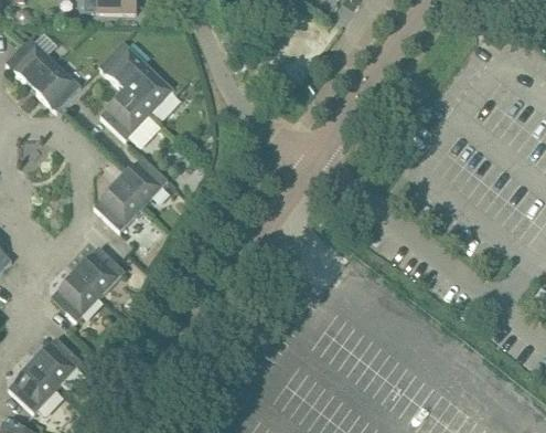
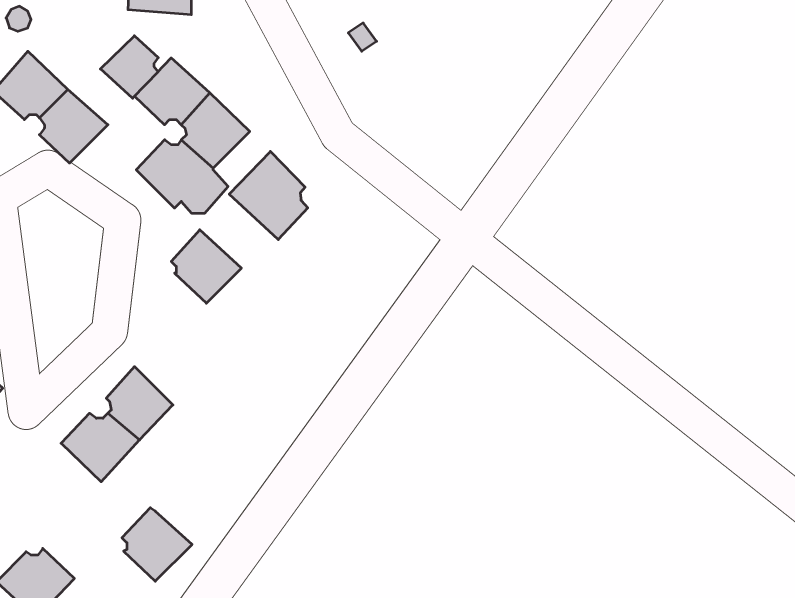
building: none -> [100,36,158,98]
building: none -> [229,151,308,240]
building: [93,183,146,231] -> none
building: [36,337,83,386] -> [122,508,192,581]

